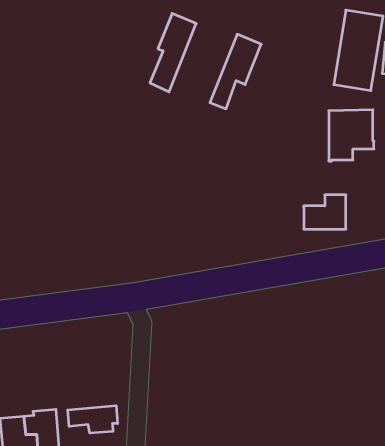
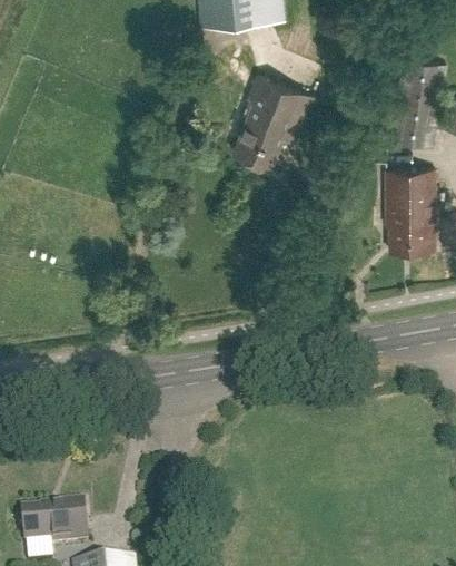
building: [150,13,196,92] -> [232,75,284,162]
building: [304,195,346,229] -> [388,213,435,251]
building: [68,406,118,433] -> none

